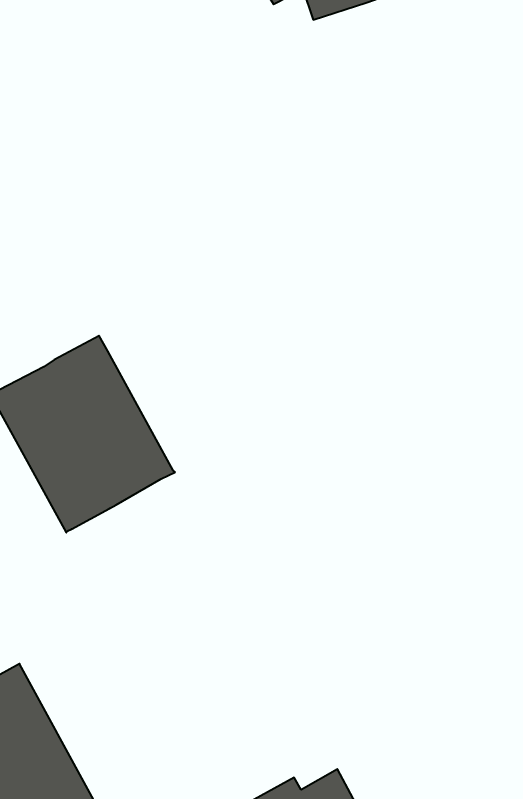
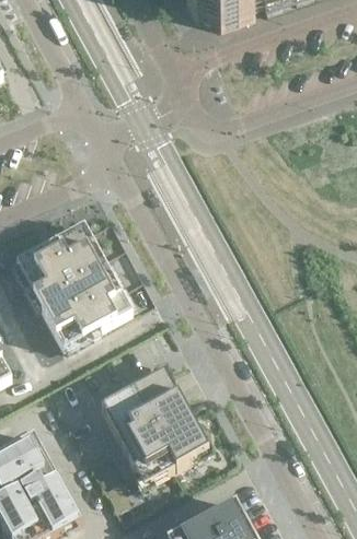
building: none -> [101,368,208,484]

